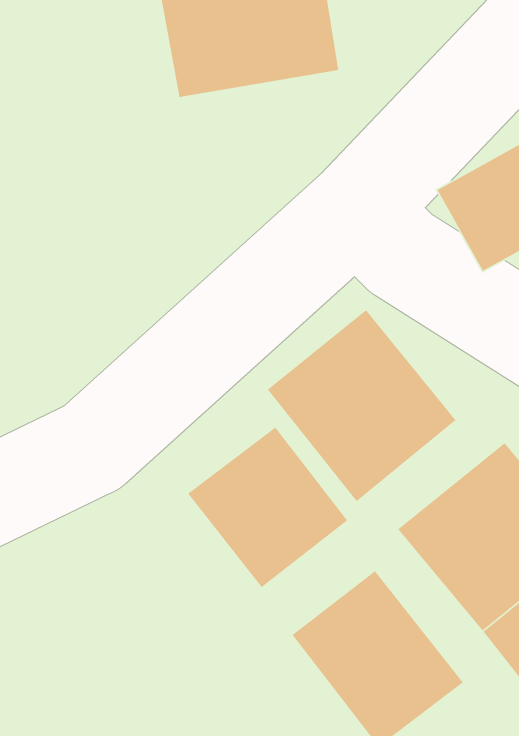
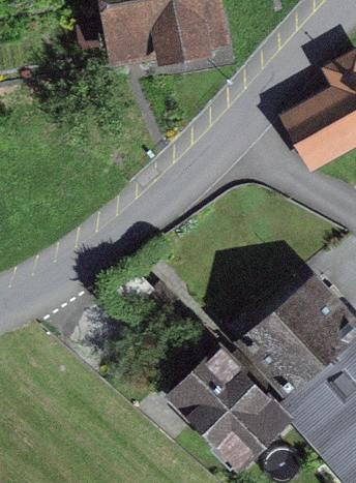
building: [267,309,456,502] -> none
building: [187,427,348,588] -> none

